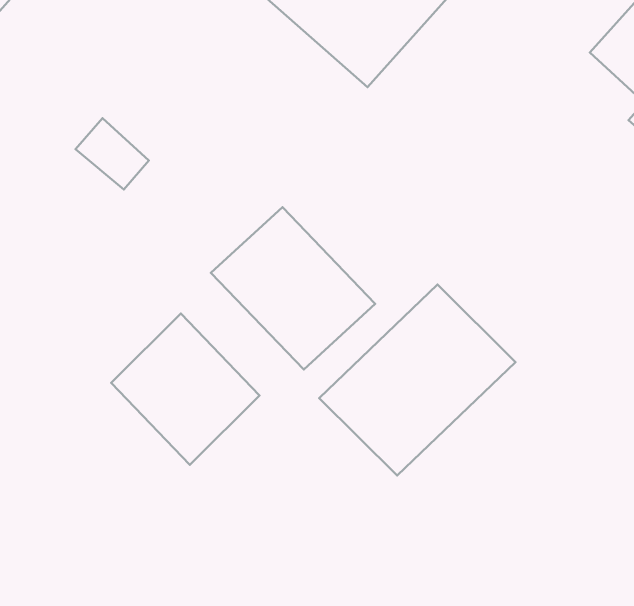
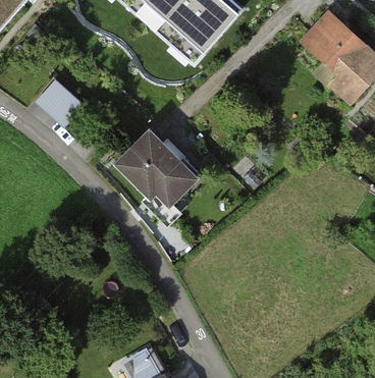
building: [319,285,515,476] -> none
building: [111,313,260,465] -> none

